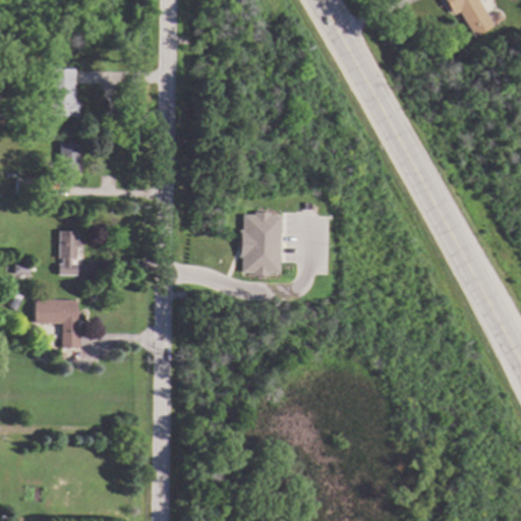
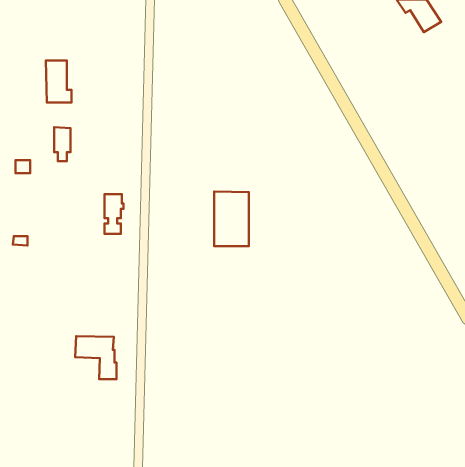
building: [62,230,83,274] -> [104,194,124,234]
building: [38,298,83,346] -> [75,336,116,379]

